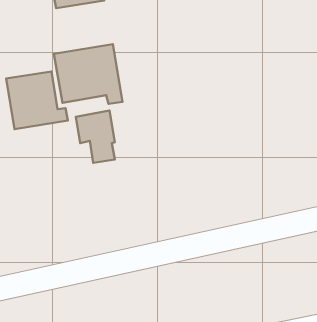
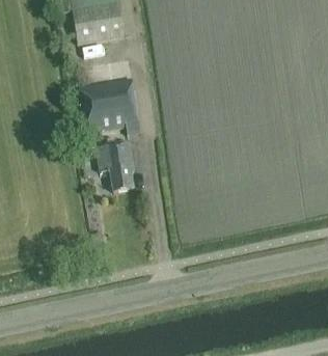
building: [6,72,68,129] -> none

